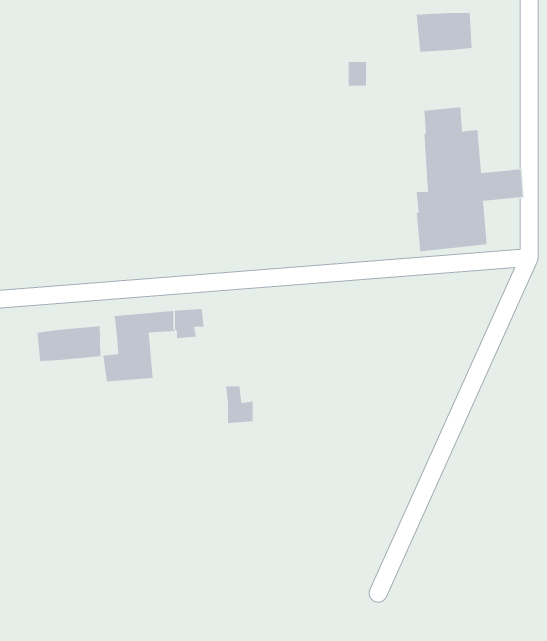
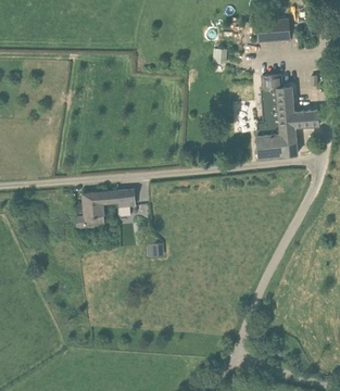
building: [37,325,101,362] -> none

